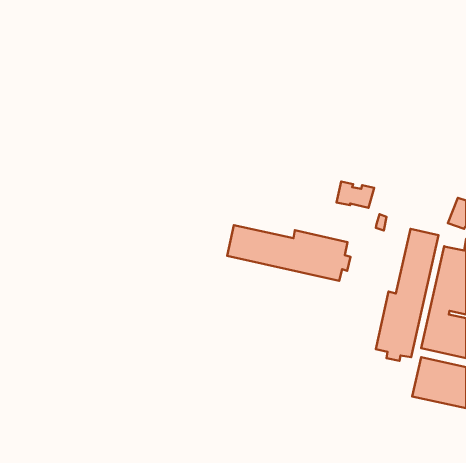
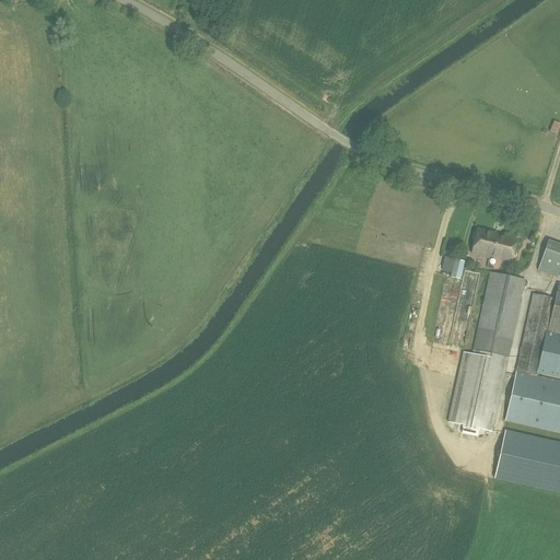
building: [337,182,374,208] -> [472,225,517,257]
building: [227,225,350,281] -> none

